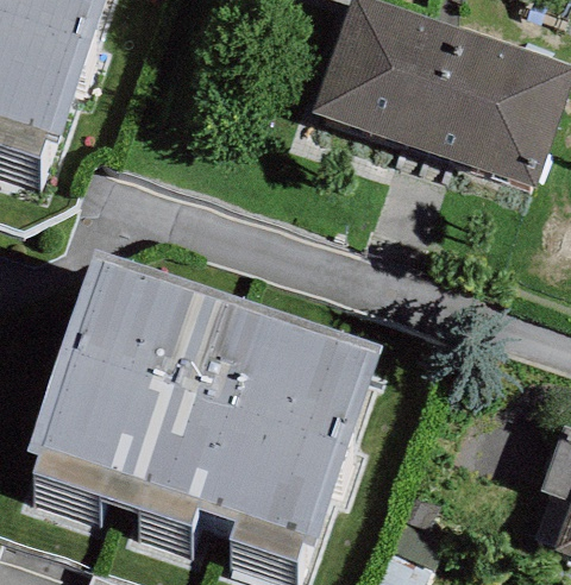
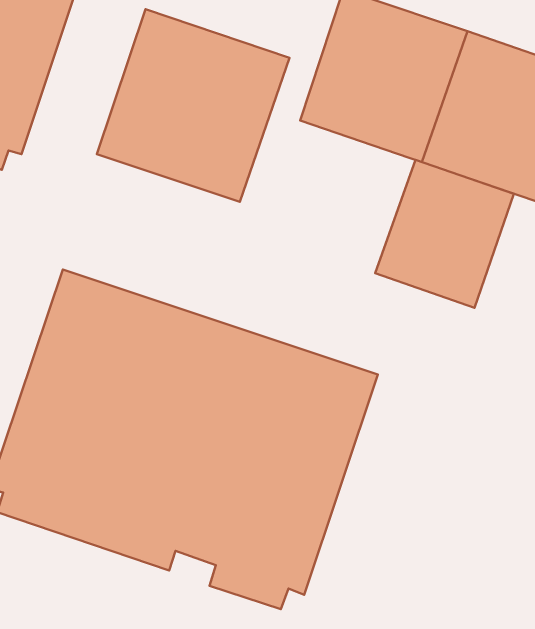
building: none -> [97,9,290,202]
building: none -> [375,160,514,308]

